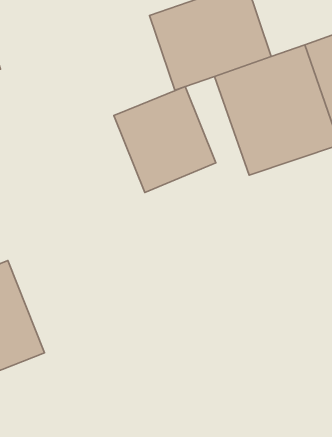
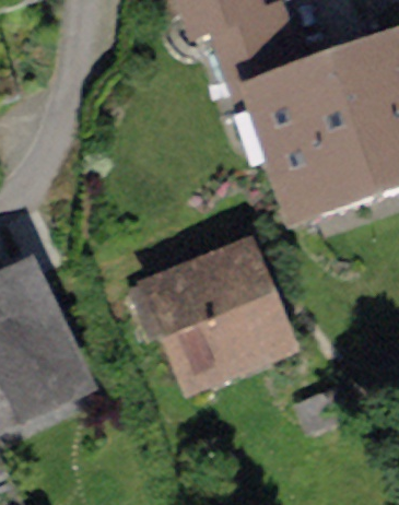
building: [114,87,216,192] -> none
building: none -> [153,240,279,361]

